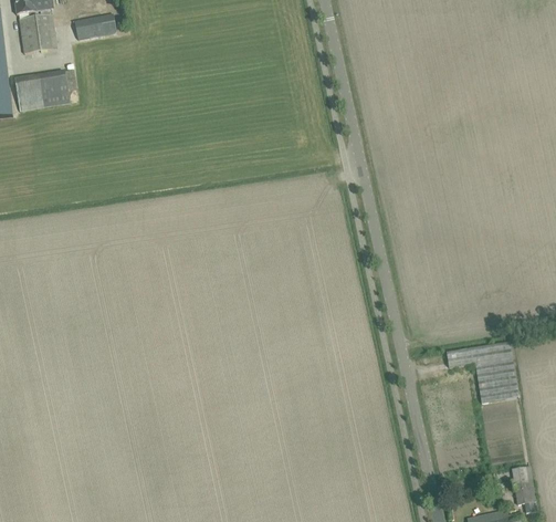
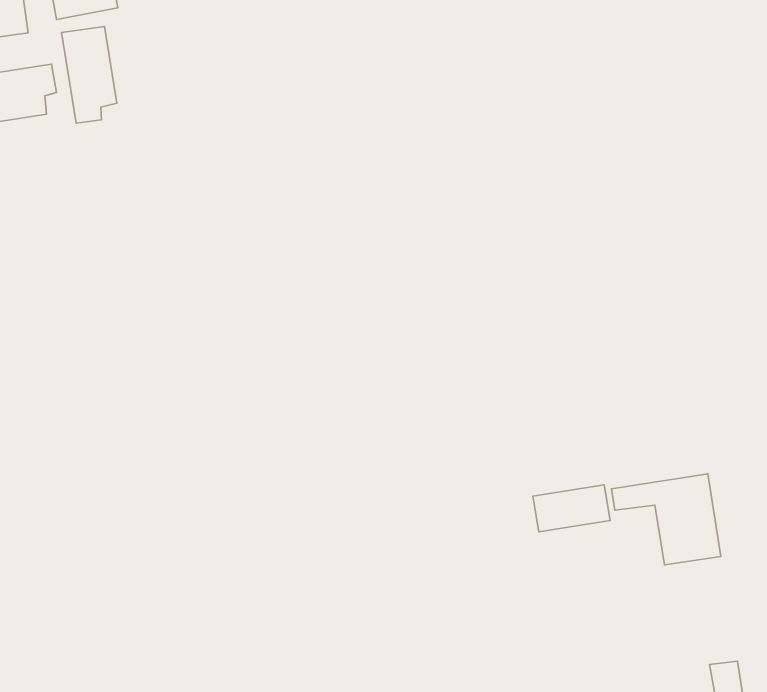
building: none -> [61,26,117,123]
building: none -> [533,485,610,532]

